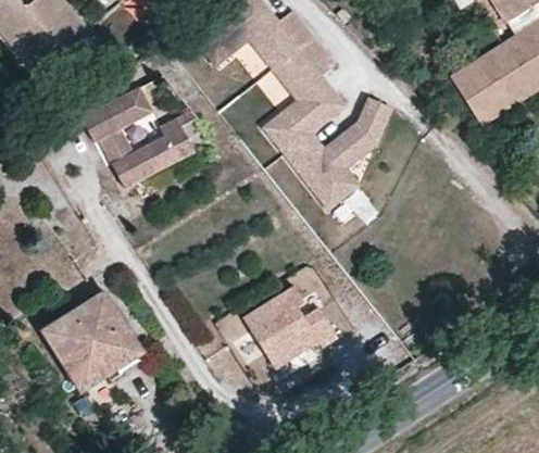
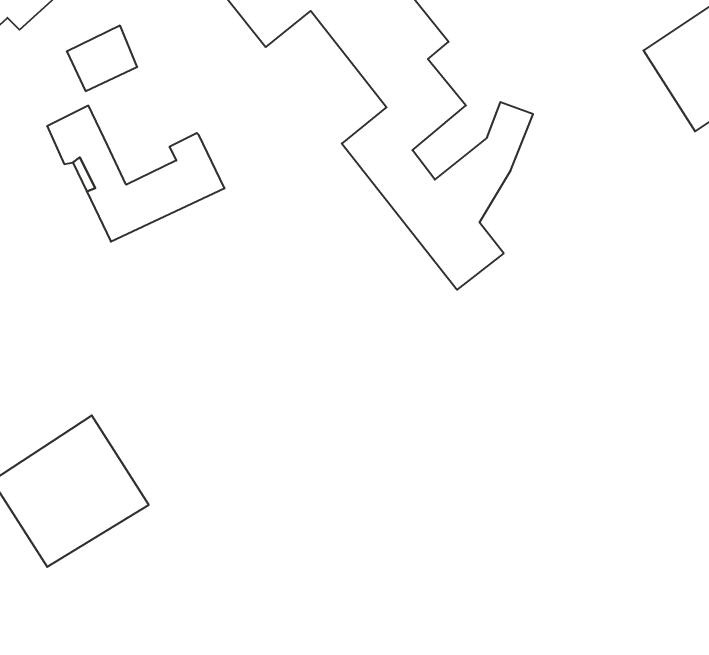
building: [106,85,151,126] -> [67,26,137,91]
building: [234,285,343,379] -> none

